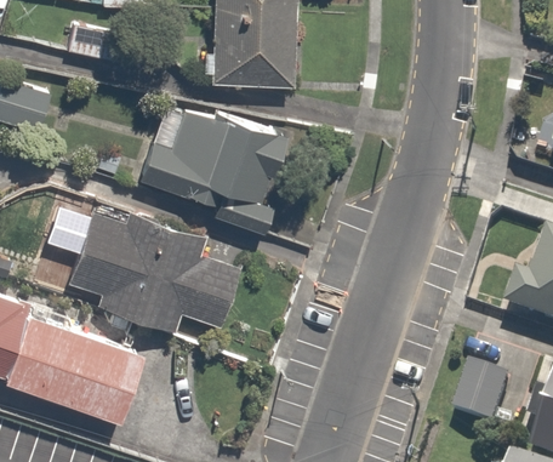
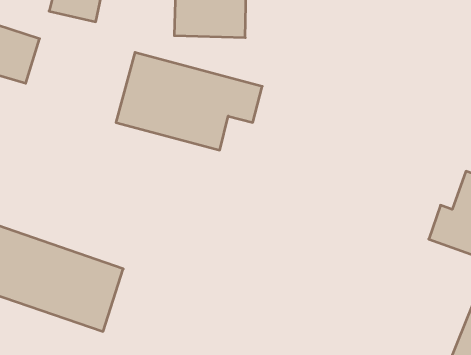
building: [72,207,239,331] -> none
building: [445,369,506,429] -> none

